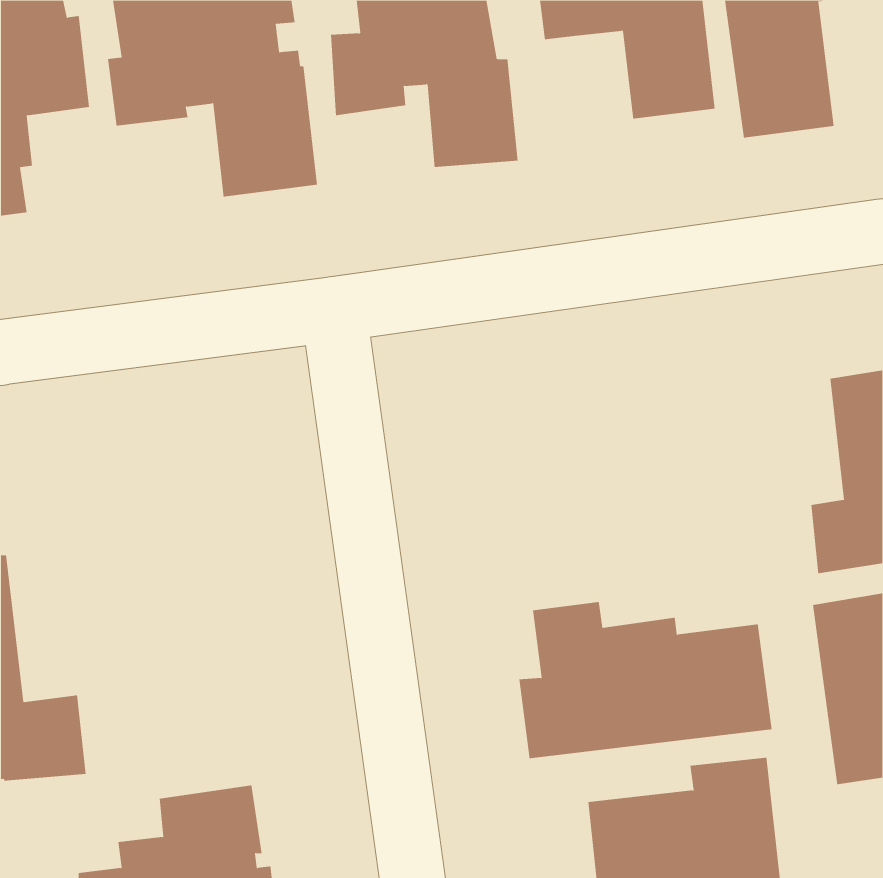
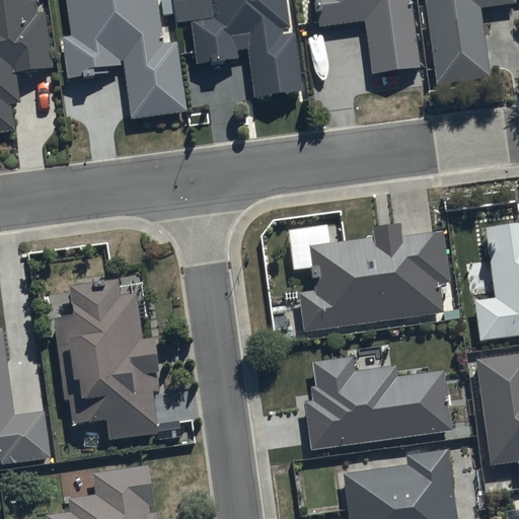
building: none -> [299,220,451,330]
building: none -> [53,278,184,445]

